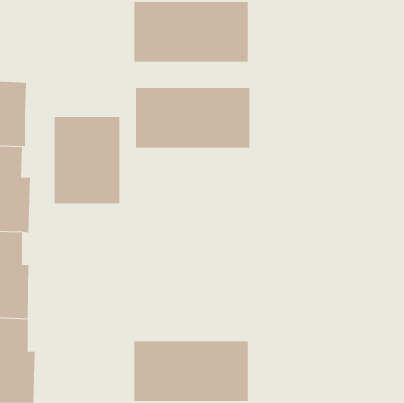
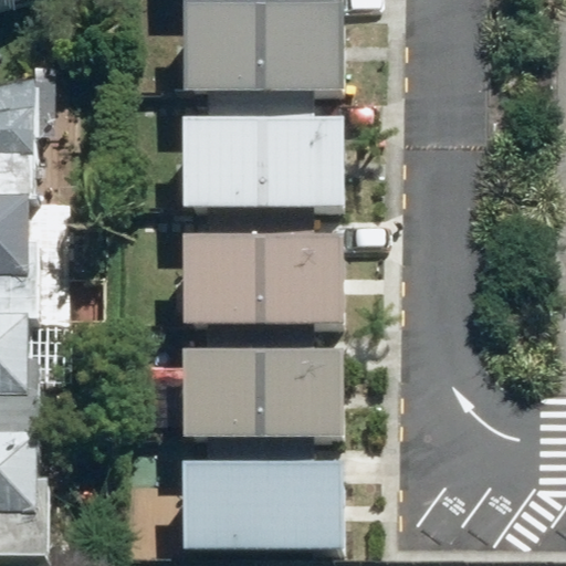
building: [54,116,120,204] -> none
building: none -> [184,233,340,316]
building: none -> [185,350,342,433]

